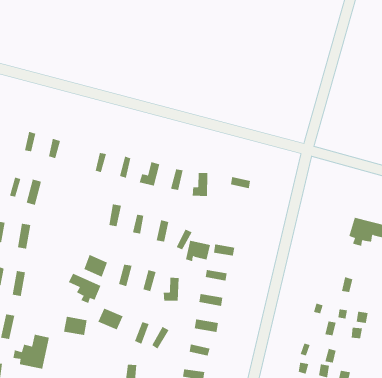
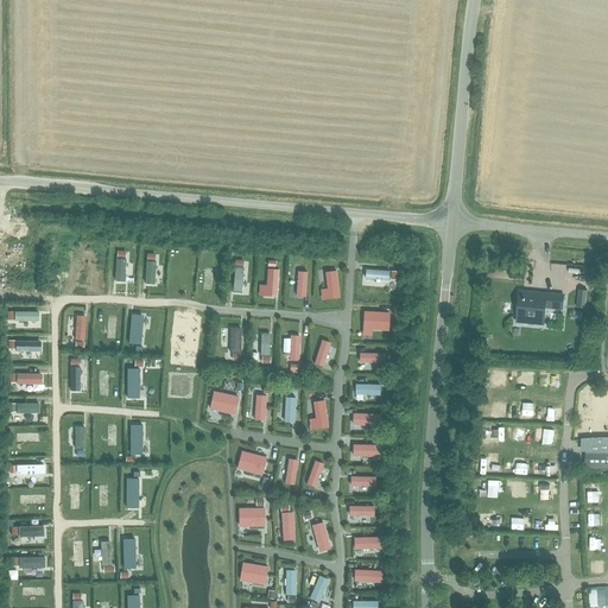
building: [185,240,211,262] -> [363,311,391,336]
building: [68,273,101,304] -> none
building: [63,316,87,336] -> [239,508,265,527]
building: [13,334,50,370] -> none

